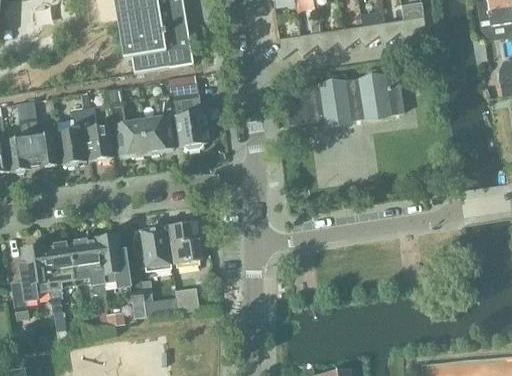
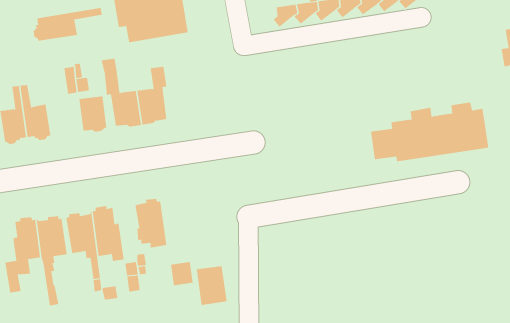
building: none -> [33,7,102,41]
building: [286,66,403,125] -> [370,102,489,162]
building: [168,82,206,147] -> none
building: [58,128,86,165] -> none
building: [169,223,200,263] -> [196,265,227,306]

